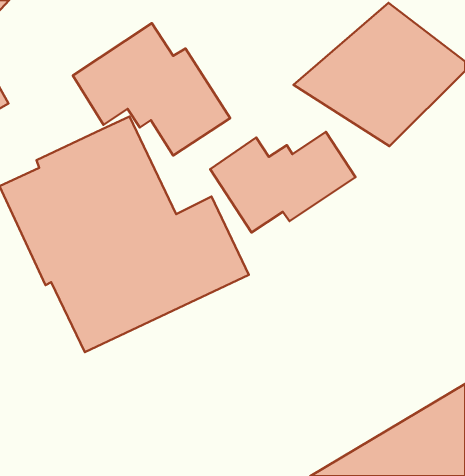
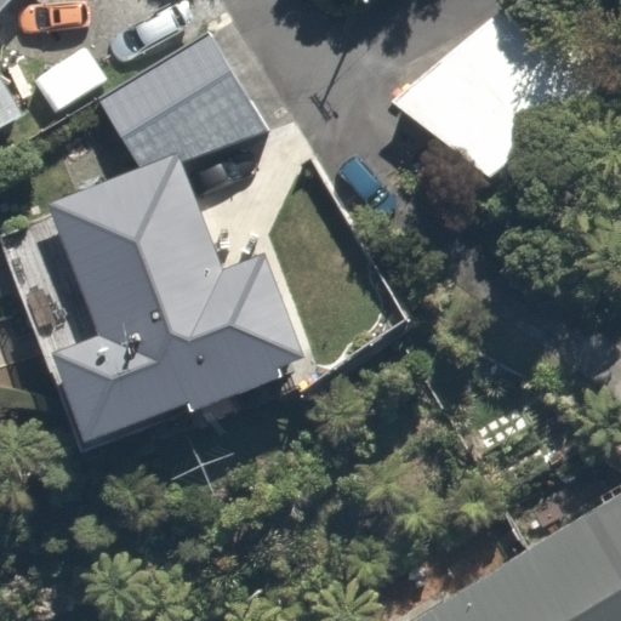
building: [210,132,355,232] -> none

